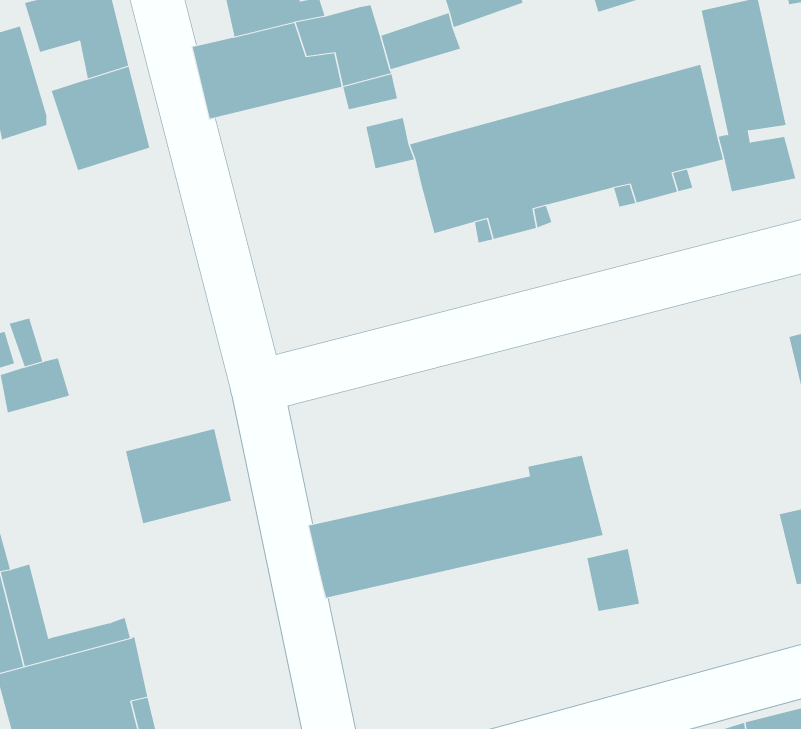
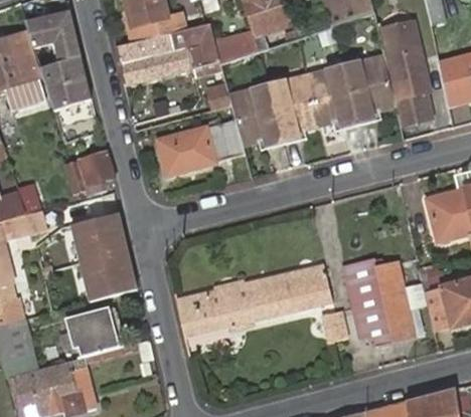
building: none -> [158,118,246,172]
building: none -> [64,150,115,193]
building: none -> [70,209,127,258]
building: none -> [344,266,416,348]
building: none -> [65,307,125,357]

